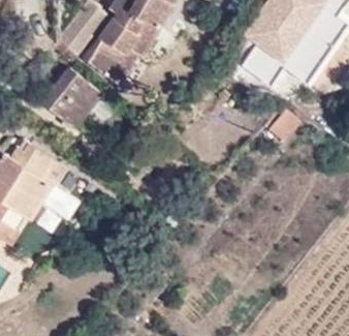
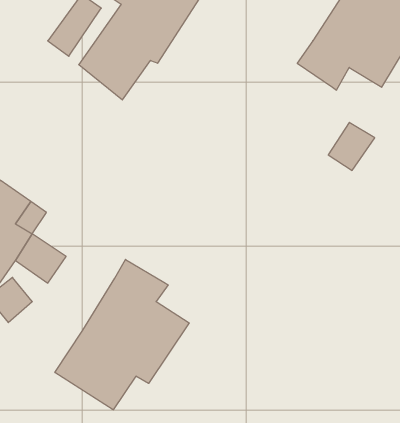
building: [39,68,96,129] -> none
building: none -> [55,259,189,410]

